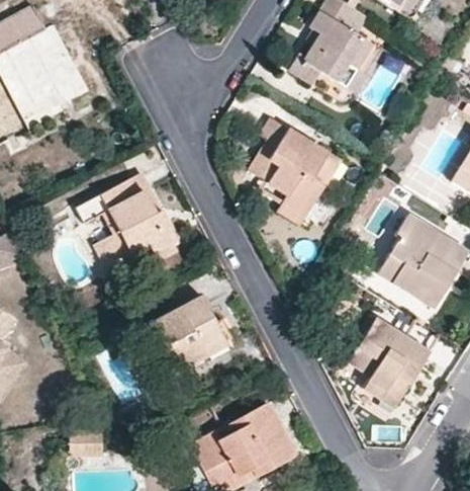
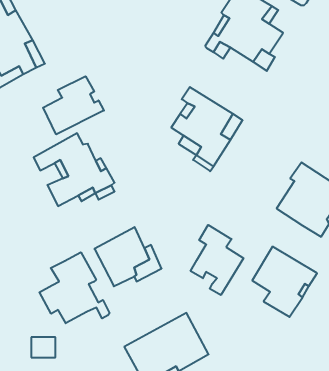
building: none -> [43,76,104,134]
building: none -> [191,225,243,295]
building: none -> [39,252,110,323]

